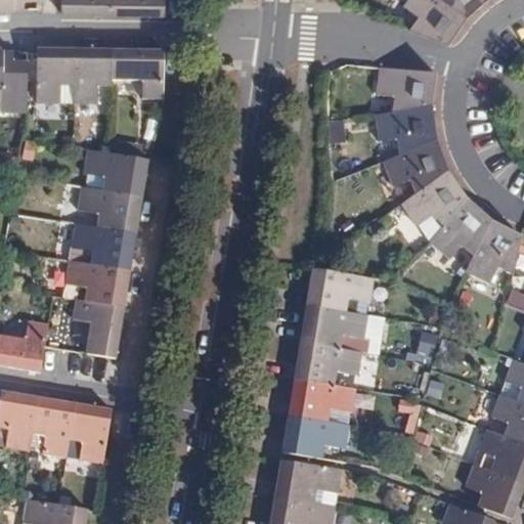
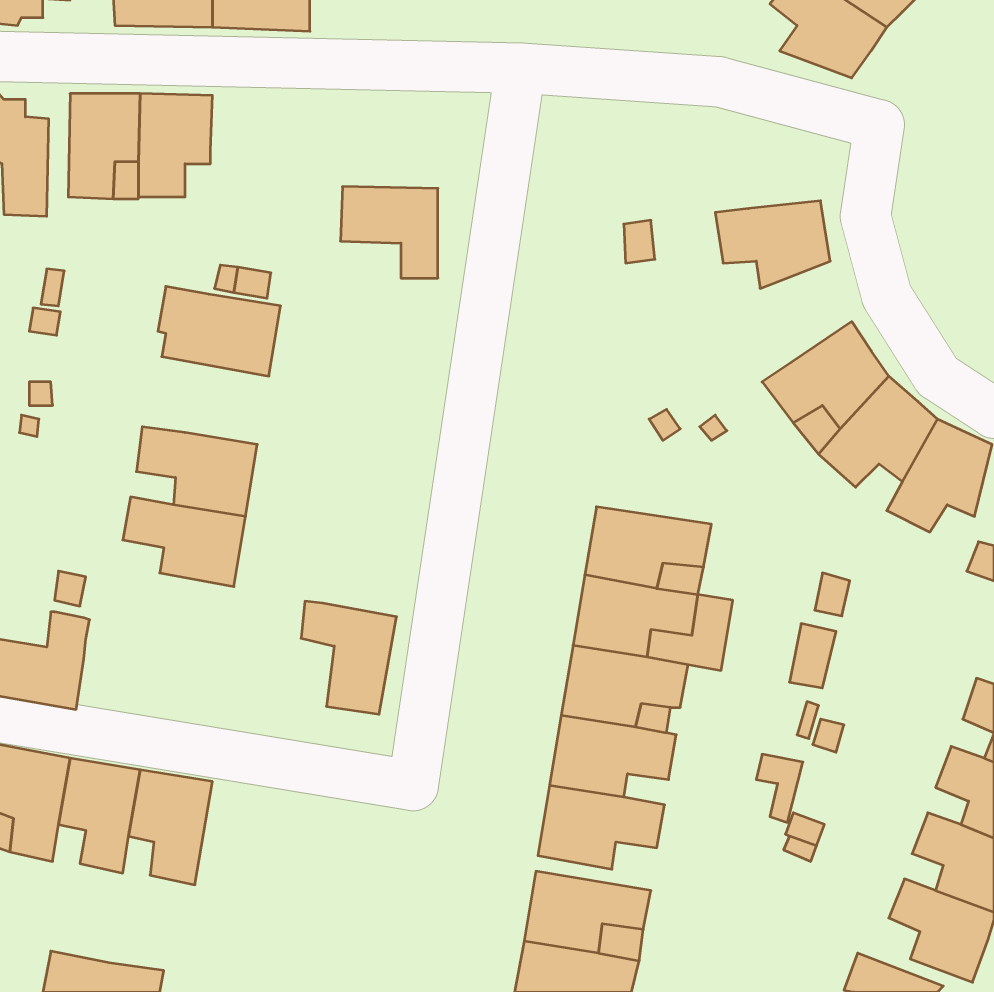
building: [111,50,162,98] -> [340,187,438,278]
building: [377,66,435,110] -> none
building: [383,137,447,190] -> none
building: [77,187,141,233] -> none
building: [73,300,123,359] -> [301,601,397,714]

